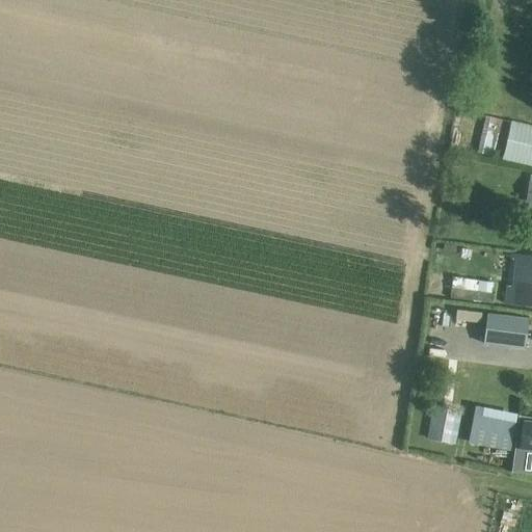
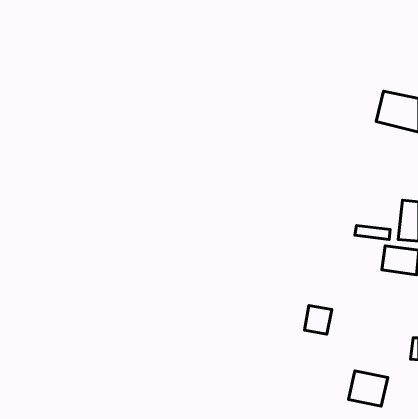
building: [469,406,518,451] -> [348,371,388,406]
building: [428,407,462,444] -> [305,306,332,334]

